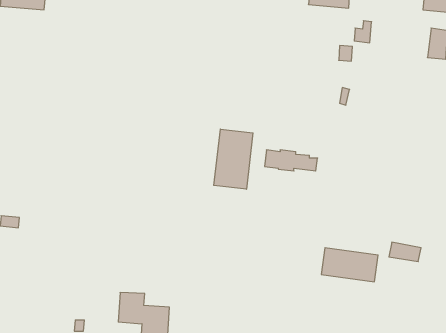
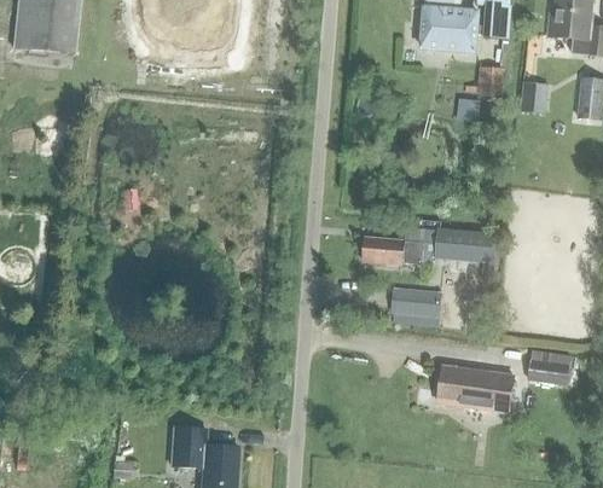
building: none -> [520,79,550,111]
building: [214,129,253,189] -> none
building: none -> [435,226,500,272]
building: none -> [390,285,442,325]

